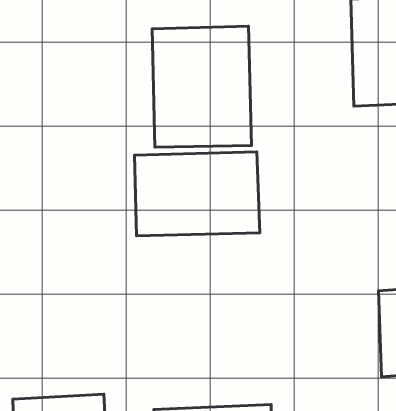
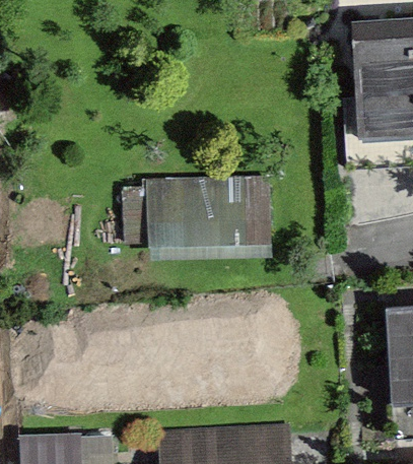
building: [152,26,252,147] -> none

